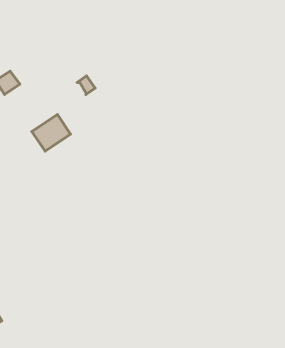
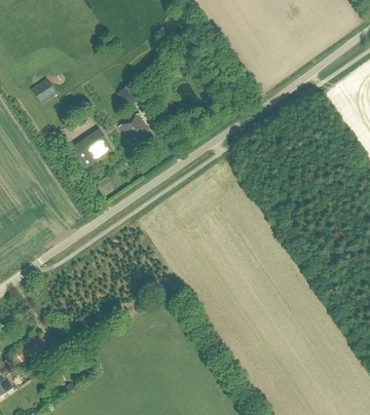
building: none -> [117,114,154,151]

